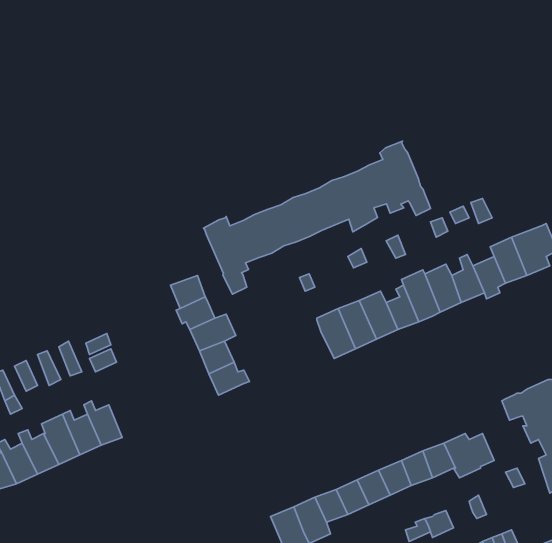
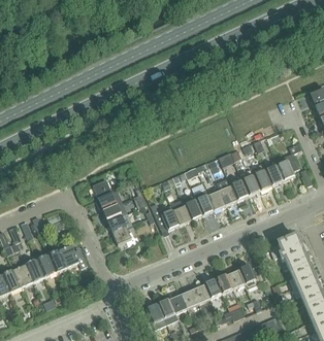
building: [203,141,431,294] -> none
building: none -> [150,202,180,230]
building: none -> [57,243,87,268]

